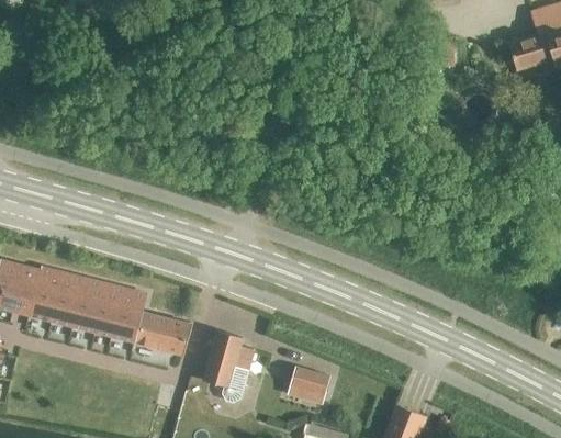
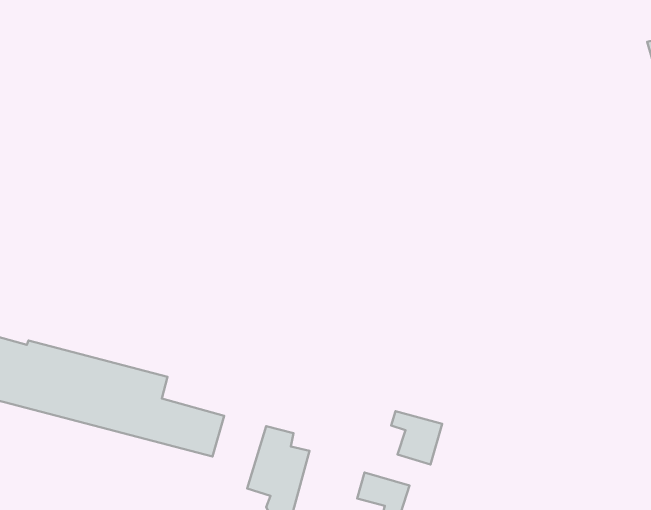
building: none -> [391,411,442,464]

